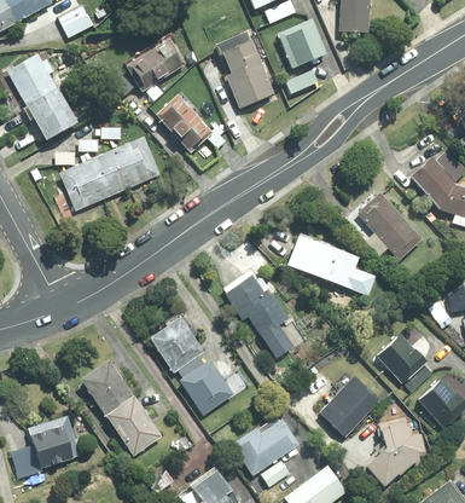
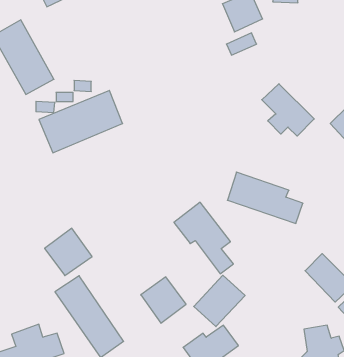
building: [129,37,188,92] -> none
building: [220,39,275,108] -> none
building: [156,93,226,145] -> none
building: [358,196,420,259] -> [262,84,314,136]
building: [149,314,205,371] -> [45,228,92,276]
building: [319,375,380,436] -> [194,275,245,327]

